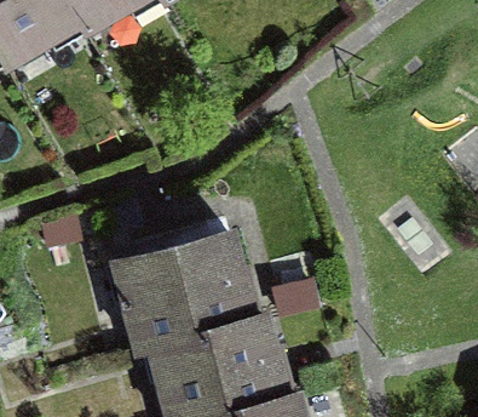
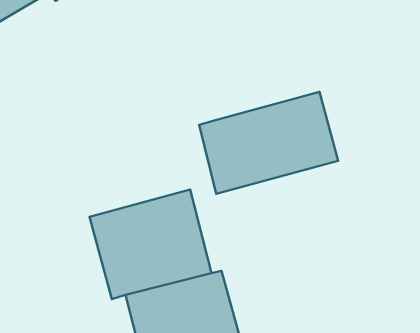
building: none -> [199,92,338,194]

